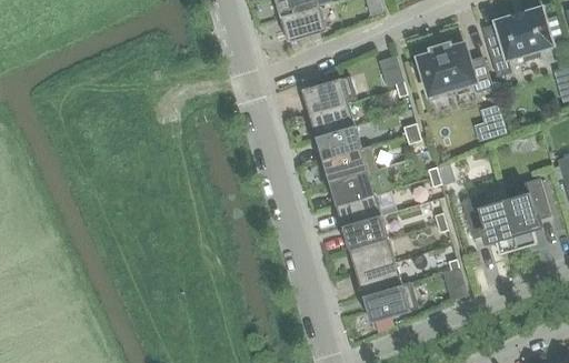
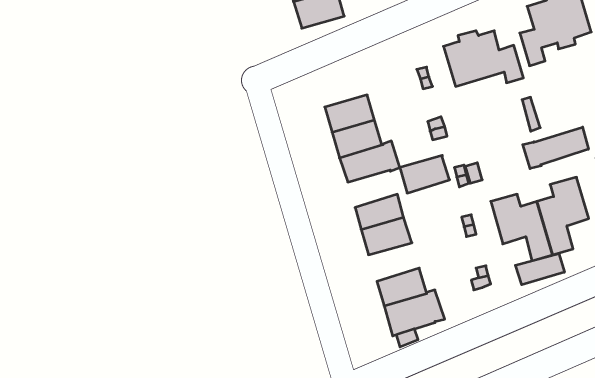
building: [302,78,348,113] -> none
building: none -> [523,127,588,169]
building: [330,171,376,205] -> [400,155,450,193]
building: [349,238,396,273] -> none
building: none -> [515,254,564,285]

